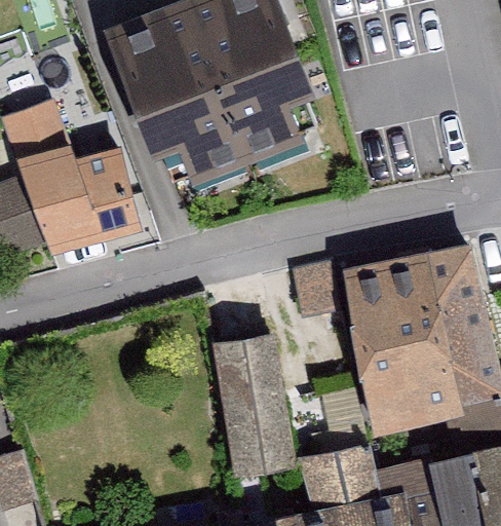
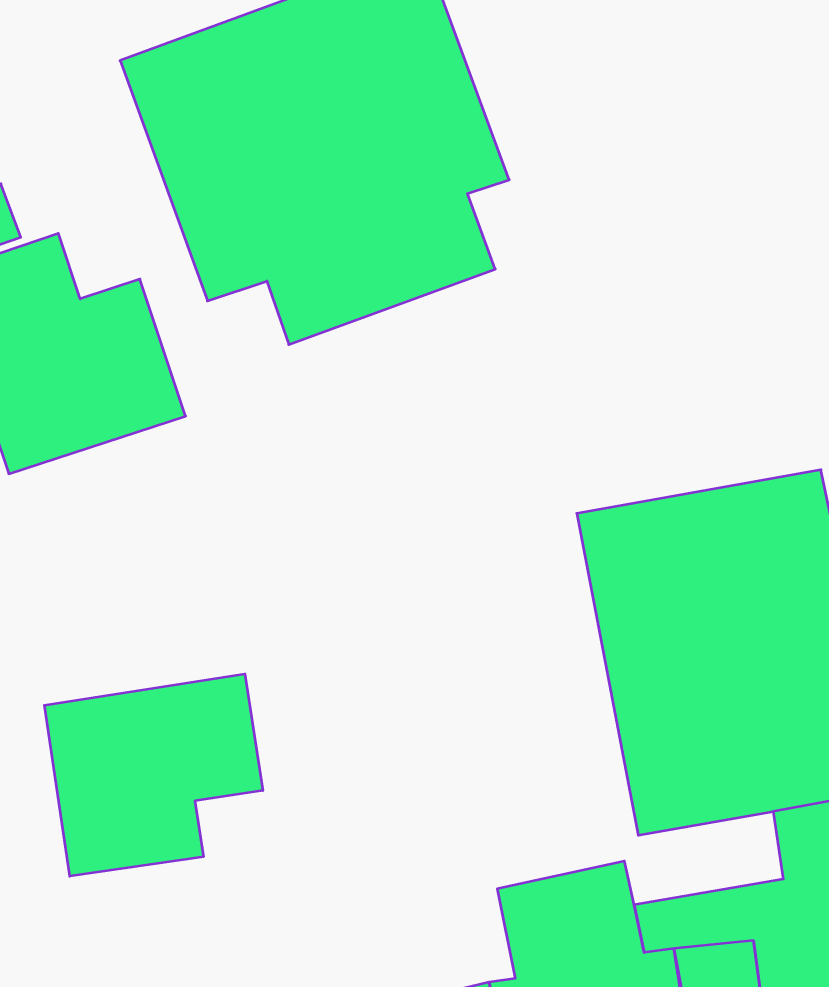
building: [215,335,294,476] -> none
building: none -> [44,674,263,876]

